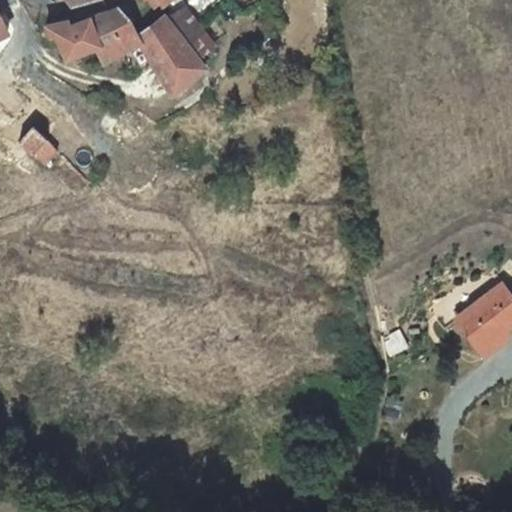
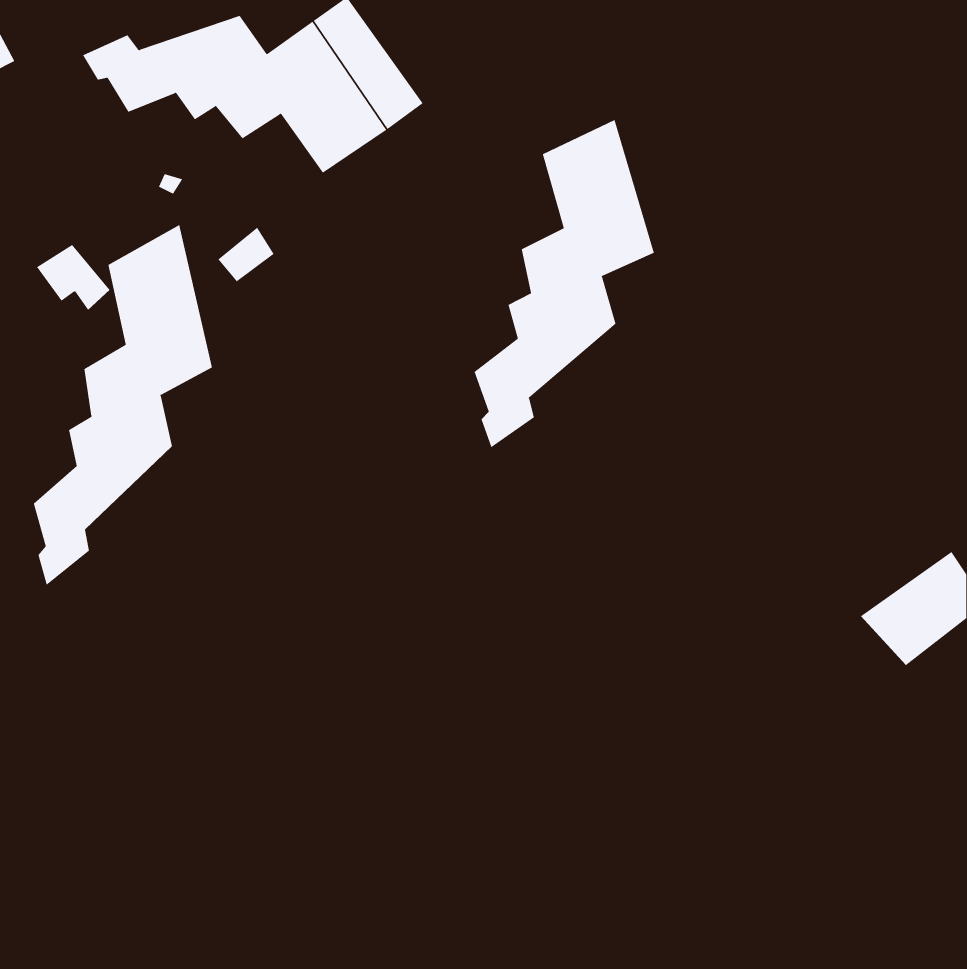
building: none -> [474,119,655,448]
building: none -> [33,224,213,586]

